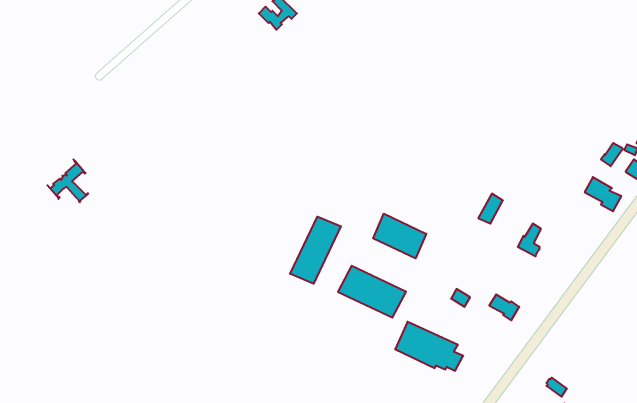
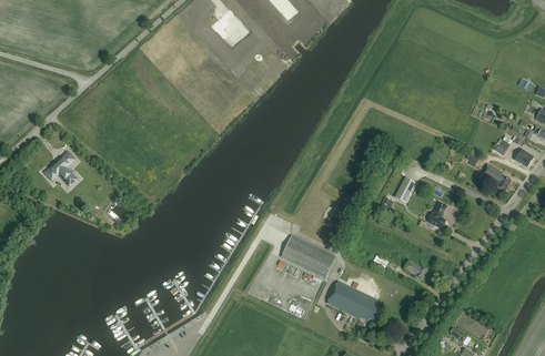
building: [373,214,426,258] -> none
building: [290,217,341,284] -> none

